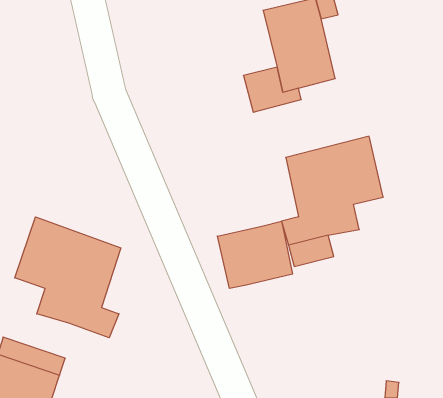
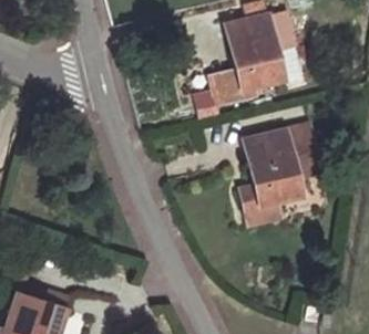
building: [15,217,121,338] -> none
building: [217,221,293,288] -> none

